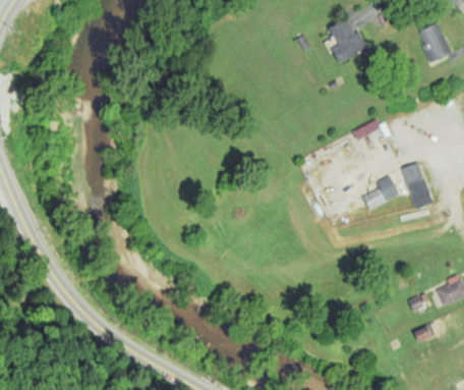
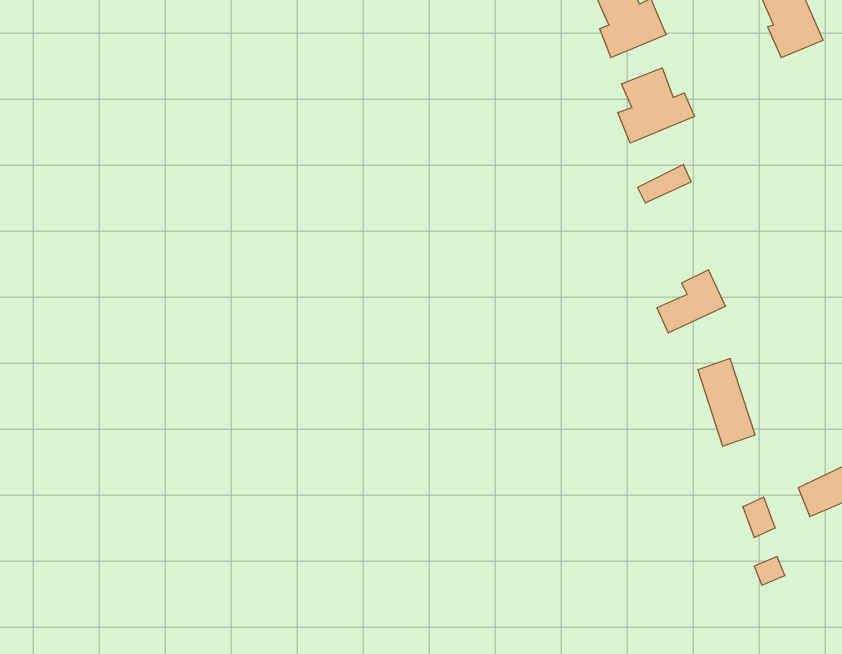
building: none -> [618,68,694,143]
building: [401,162,431,209] -> [698,358,755,446]

